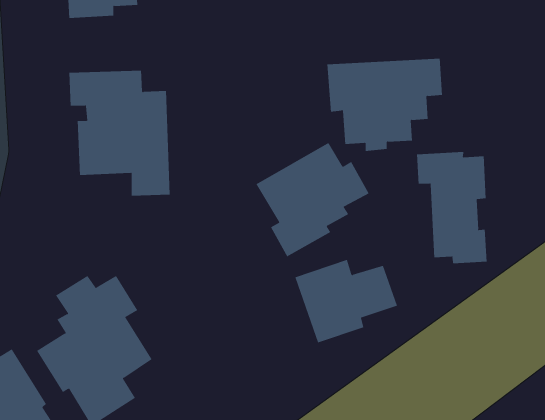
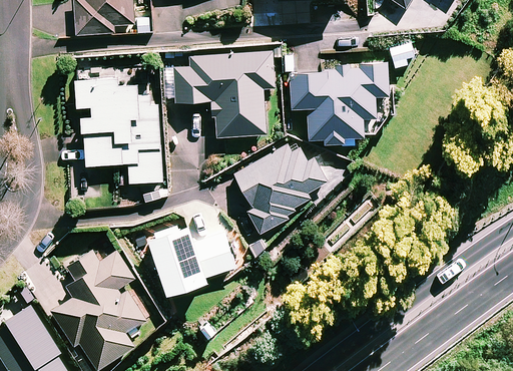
building: none -> [173,51,274,137]
building: [417,151,487,264] -> none
building: [295,259,398,343] -> [149,228,235,298]

